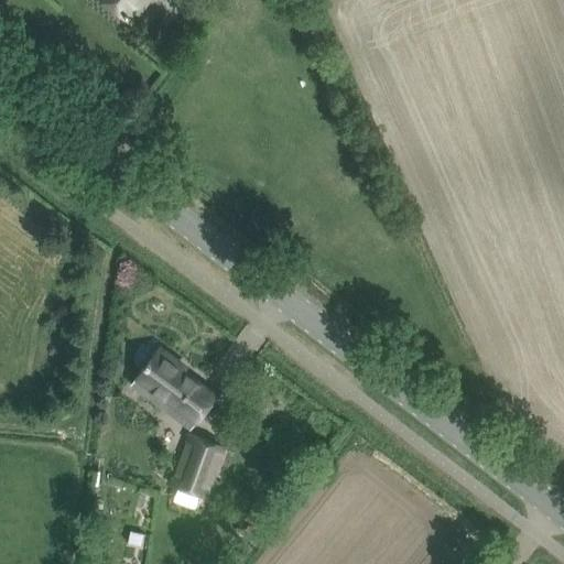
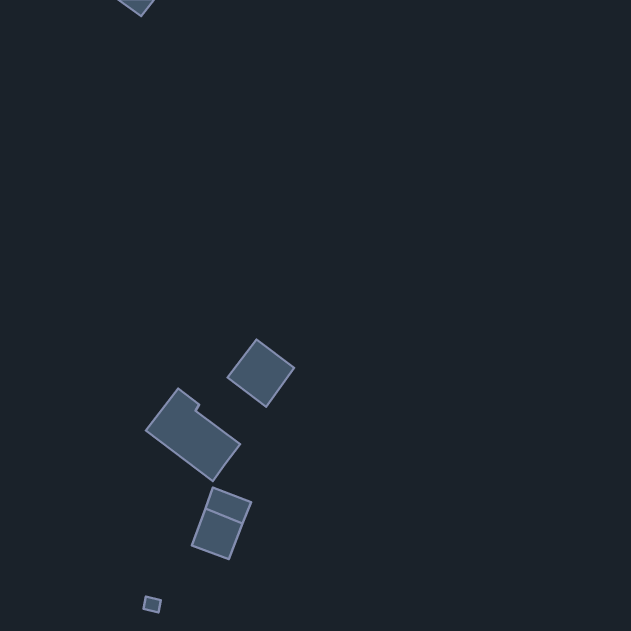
building: none -> [228,340,294,407]

